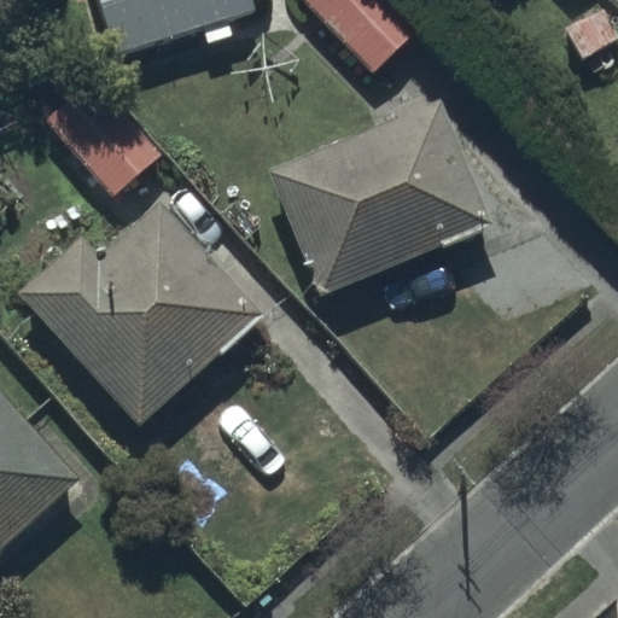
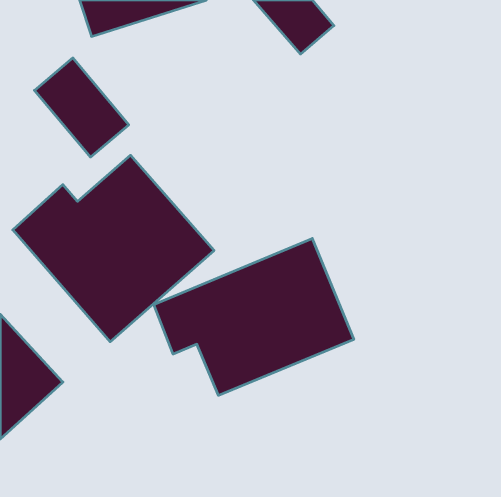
building: [264,91,490,295] -> none
building: none -> [154,238,354,395]

